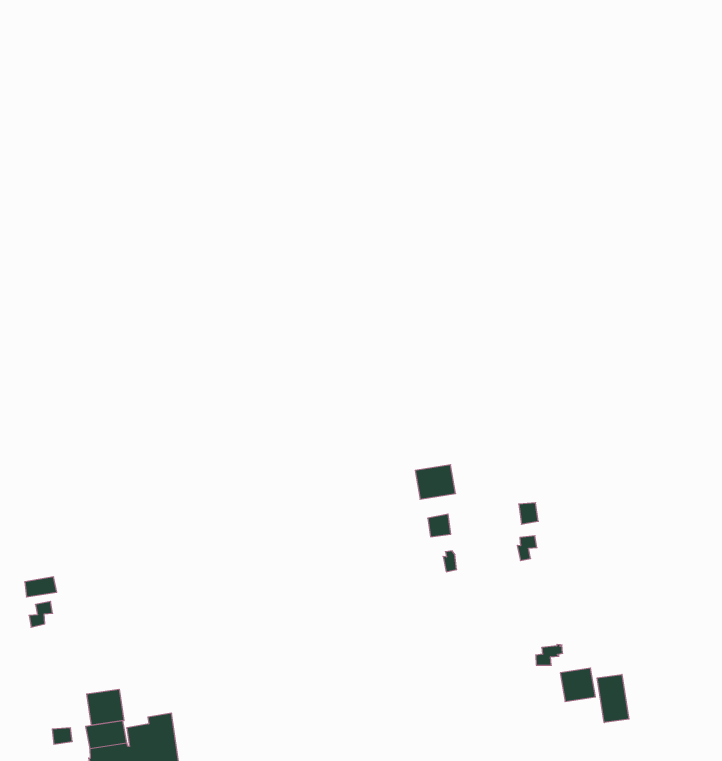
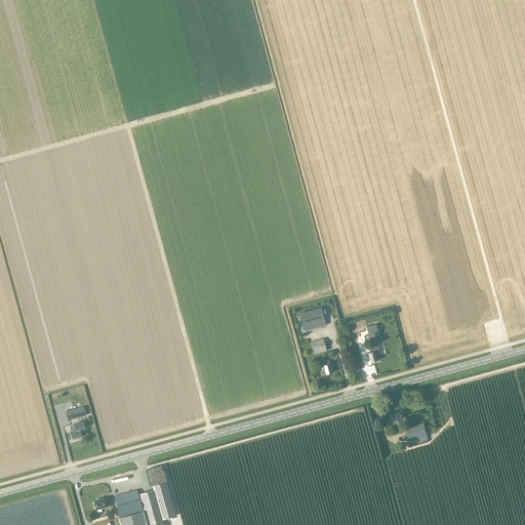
building: [597,674,629,723] -> none
building: [87,689,124,725] -> none

